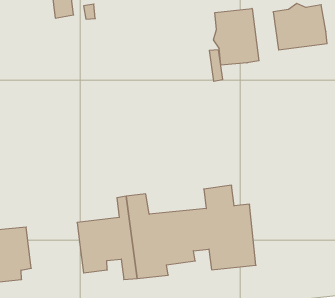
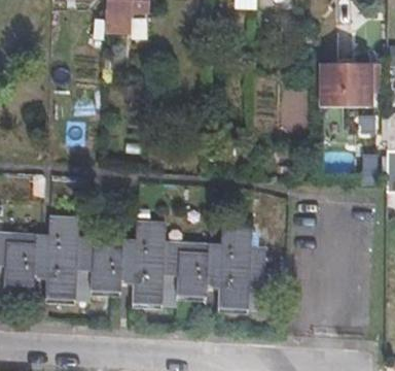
building: [213,8,259,65] -> none
building: none -> [42,215,95,299]

